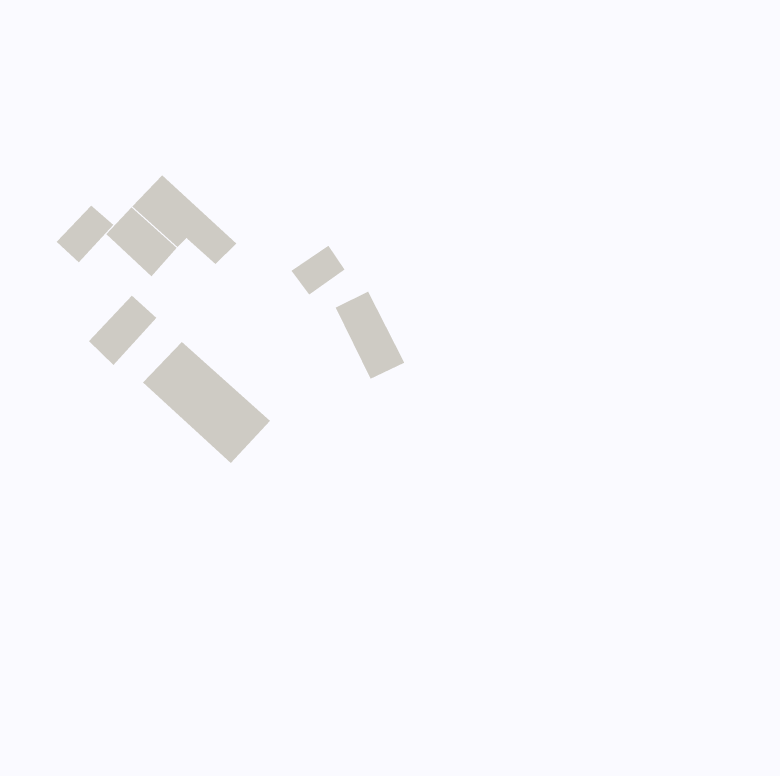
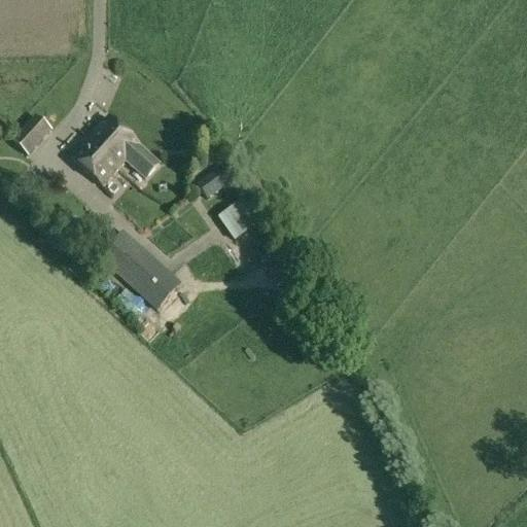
building: [56,205,114,263] -> [13,115,52,154]
building: [88,295,157,366] -> none

